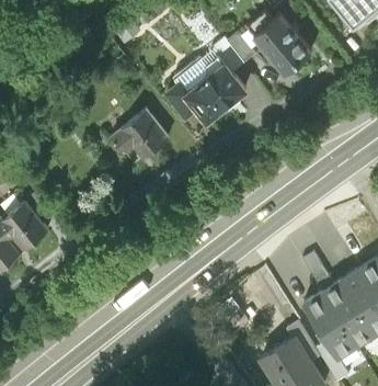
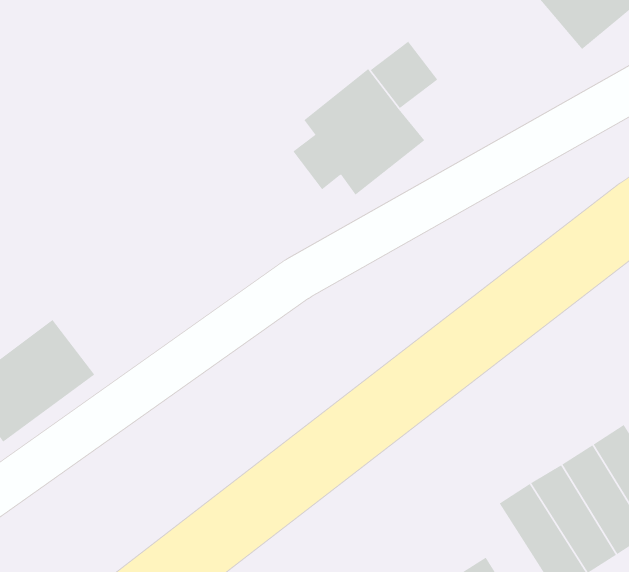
building: [262,15,320,75] -> none
building: [119,109,176,158] -> none

